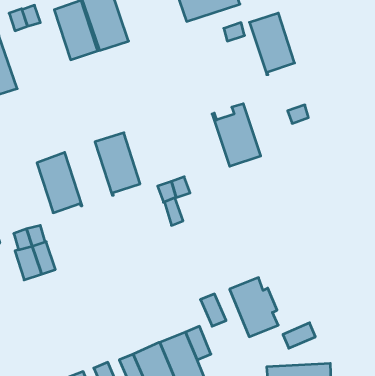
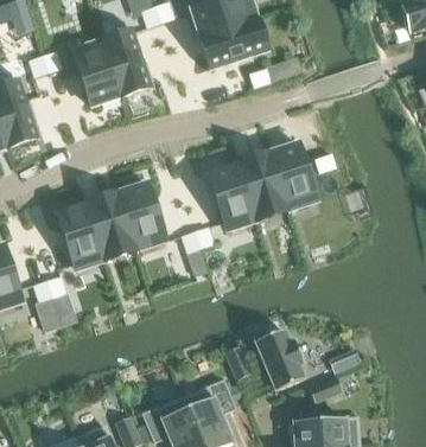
building: [249,13,295,75] -> [268,142,314,205]
building: none -> [208,162,254,223]
building: none -> [85,192,135,256]

